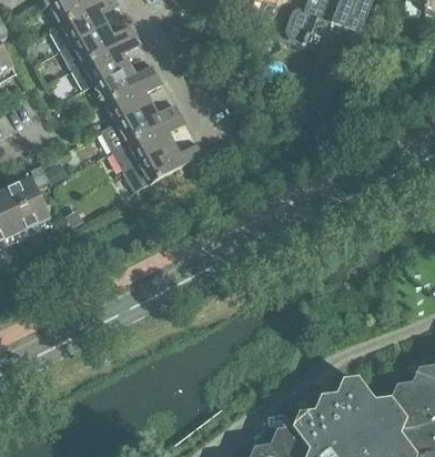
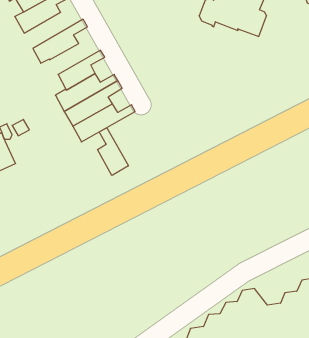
building: [61,23,136,70] -> none
building: [93,63,159,103] -> none
building: none -> [98,128,128,175]

